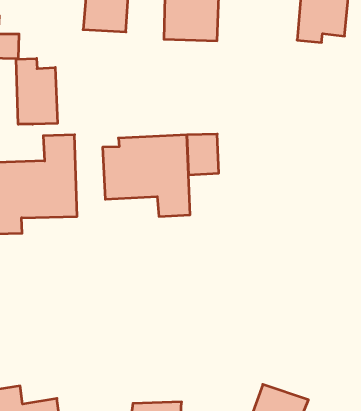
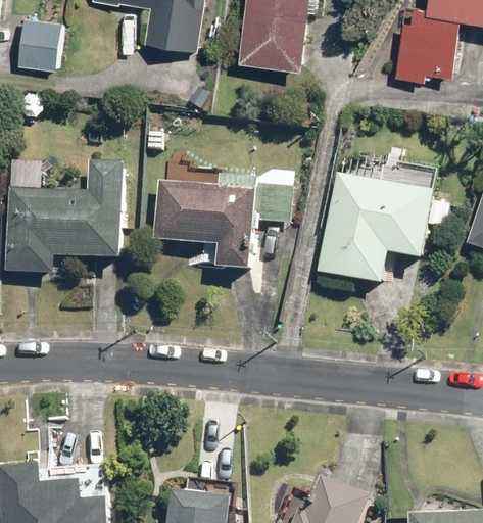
building: [16,58,57,124] -> none
building: none -> [317,156,448,286]

